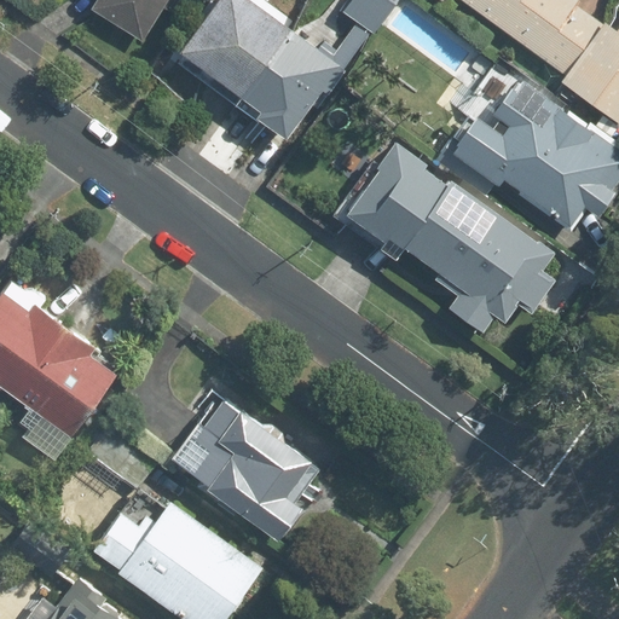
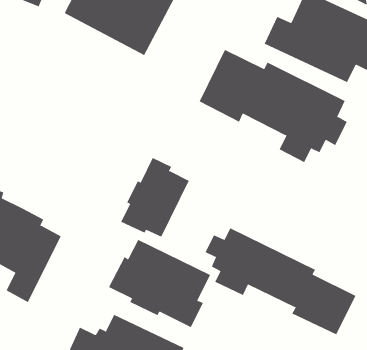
building: none -> [121,157,190,238]
building: none -> [205,227,356,335]

